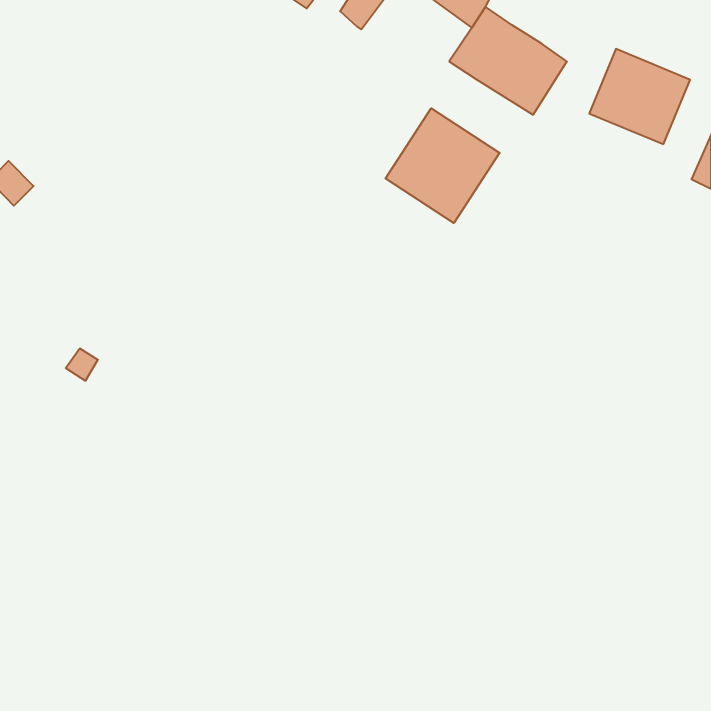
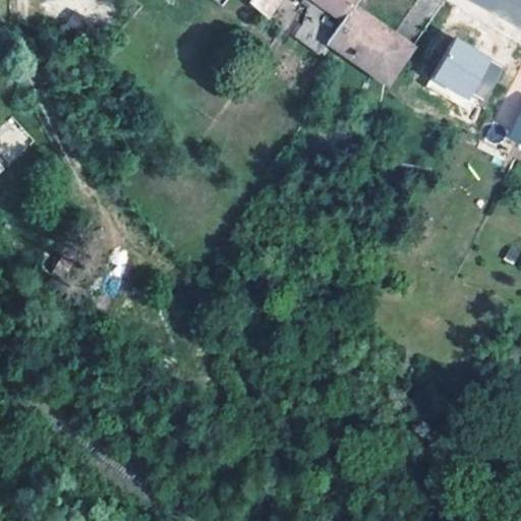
building: [386,108,500,223] -> none

